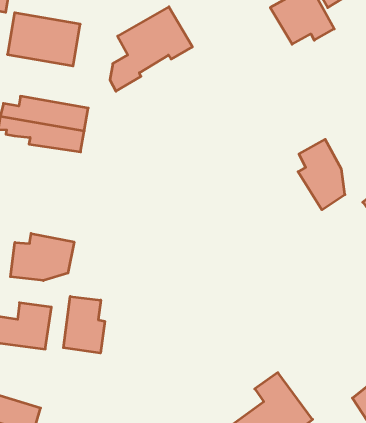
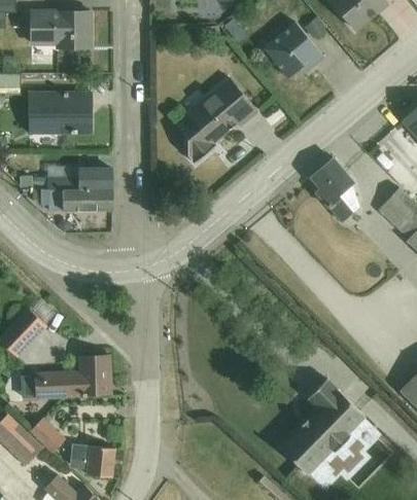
building: [110,7,192,91] -> [187,78,257,164]
building: [10,233,74,281] -> none
building: [63,296,105,353] -> none

